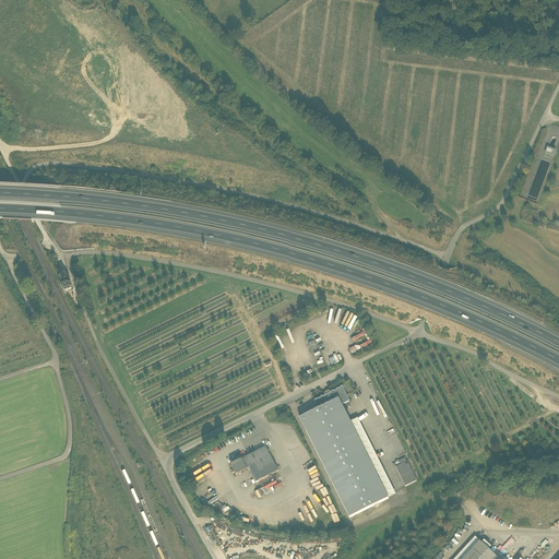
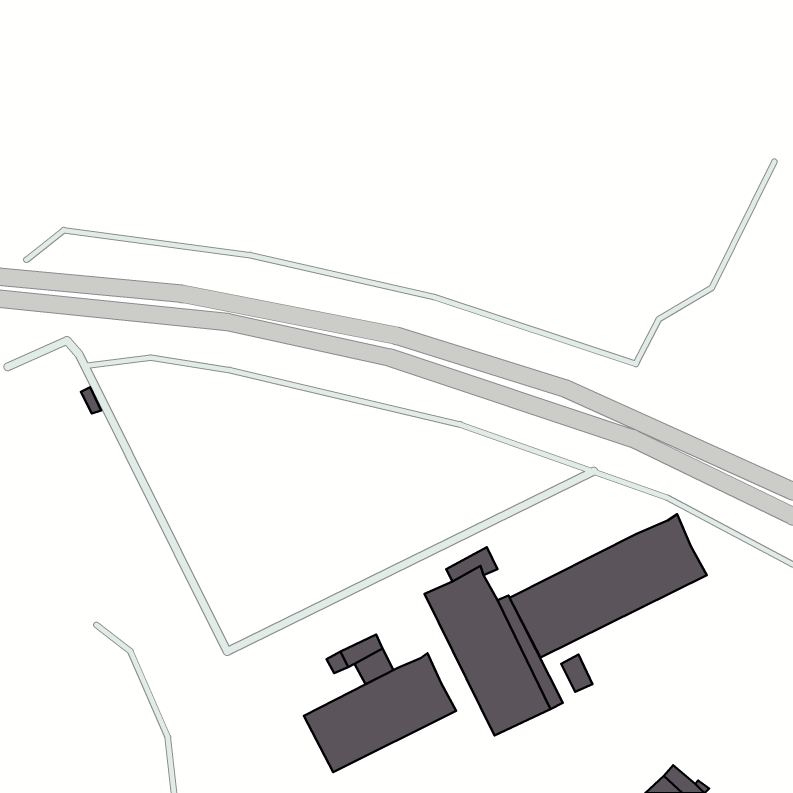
building: none -> [510,514,707,657]
building: none -> [304,653,456,772]

